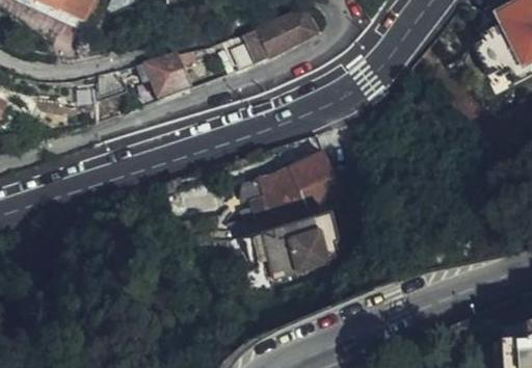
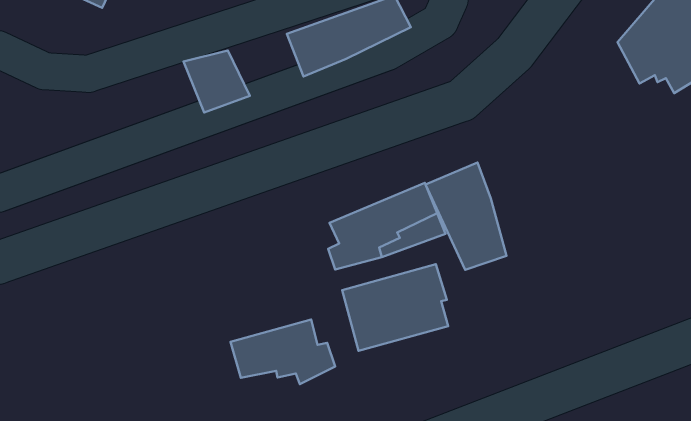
building: none -> [425,163,507,270]
building: none -> [231,320,335,384]

